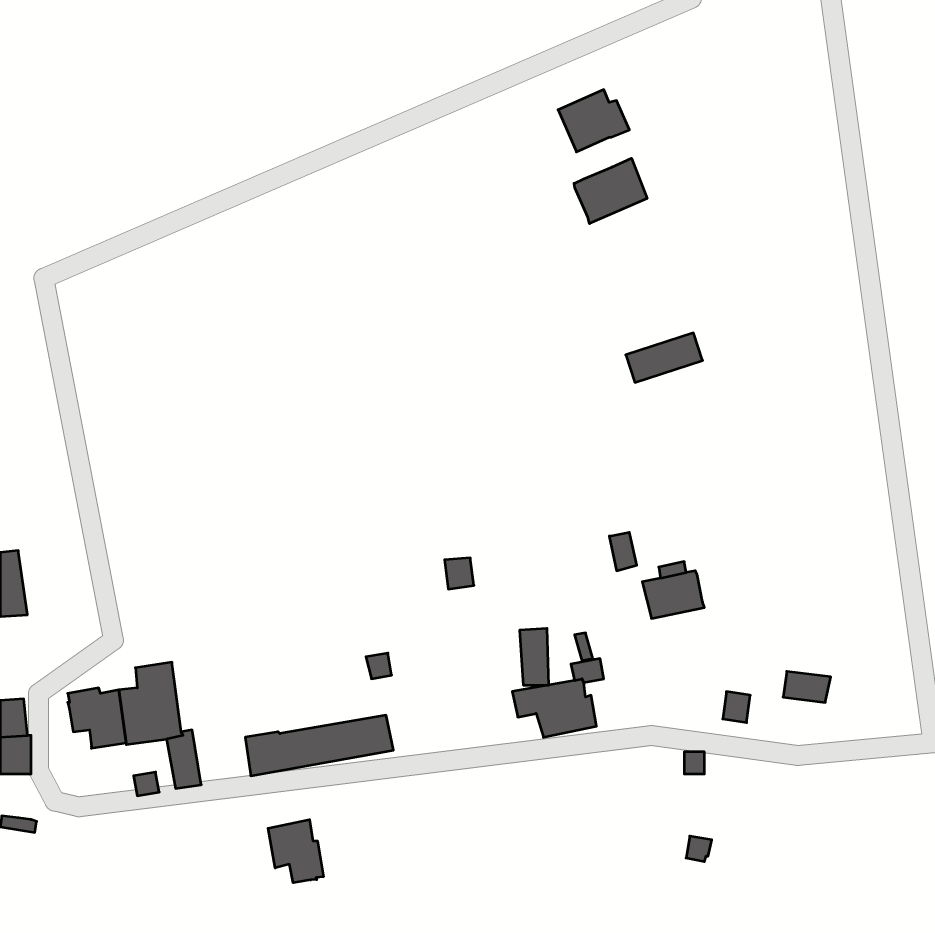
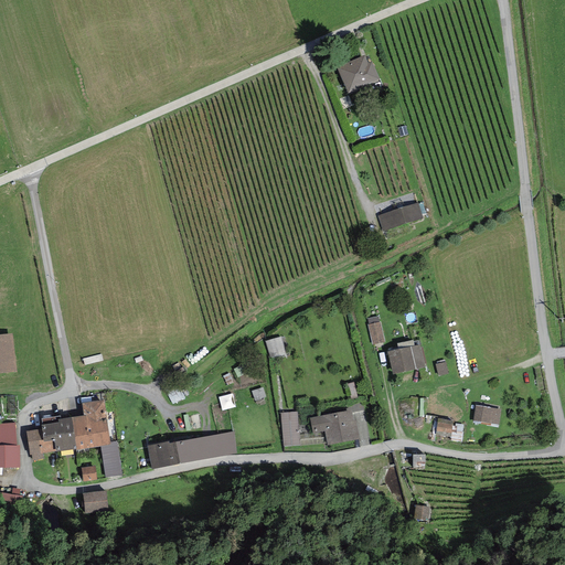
building: [574,158,647,224] -> none
building: [520,628,549,685] -> [281,411,299,445]
building: none -> [25,428,55,459]
building: none -> [83,490,108,512]
building: [268,820,323,883] -> none

